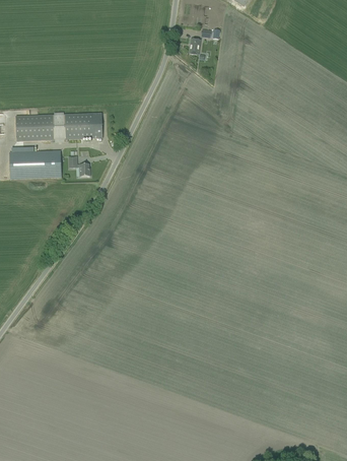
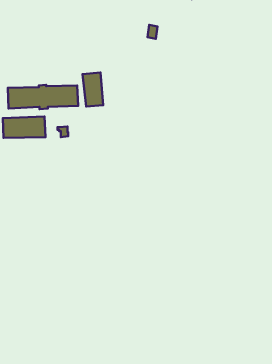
building: none -> [83,73,103,107]

